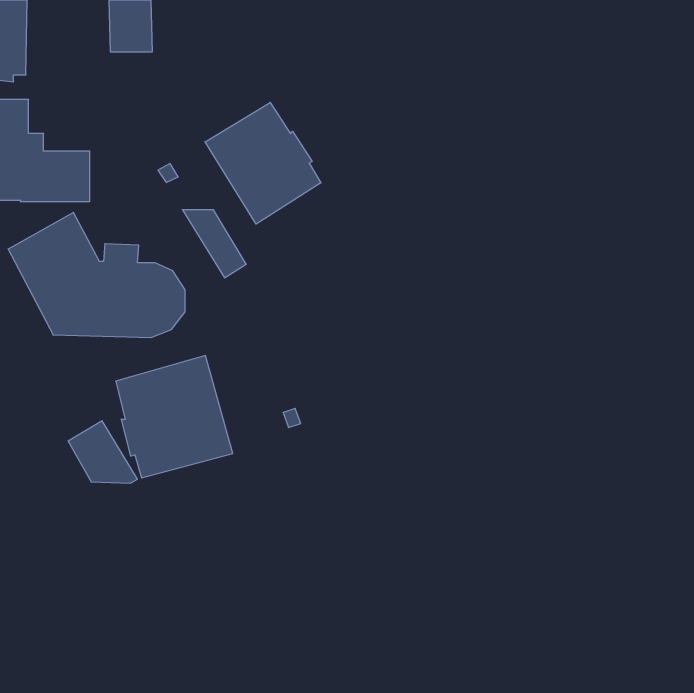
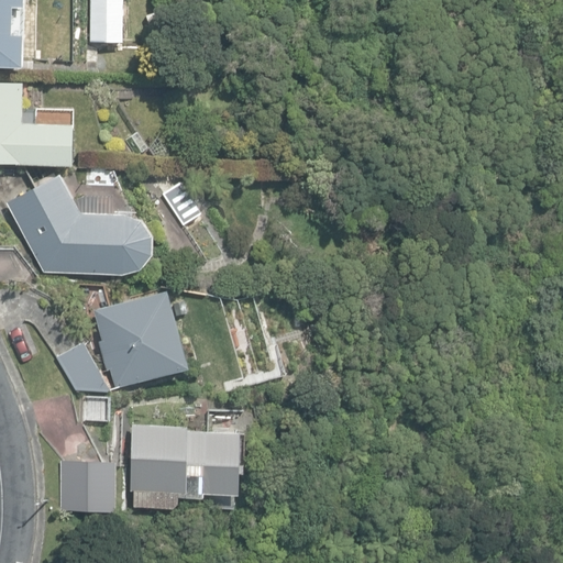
building: [205,102,321,224] -> none
building: none -> [130,426,240,509]
building: none -> [59,461,114,511]

